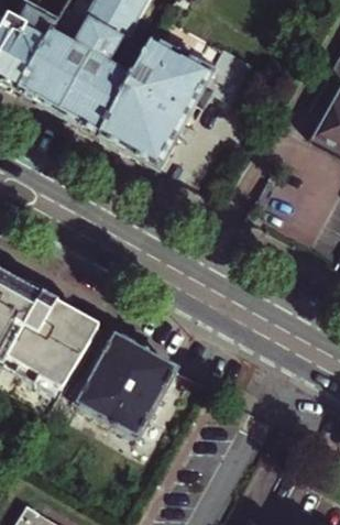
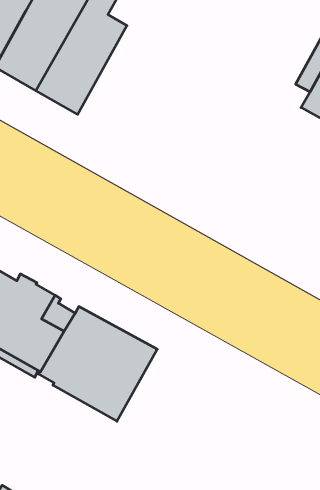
building: [99,39,254,169] -> none

